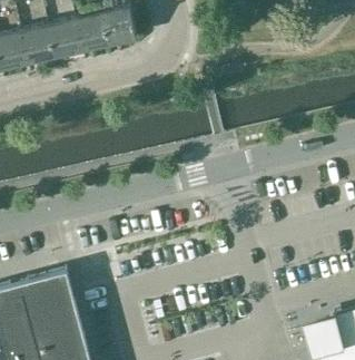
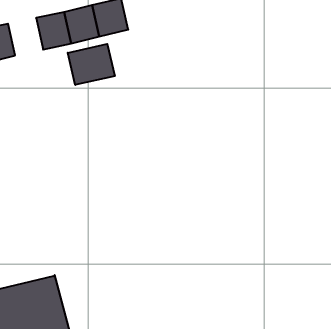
building: [22,28,56,64] -> none
building: none -> [68,44,115,85]

